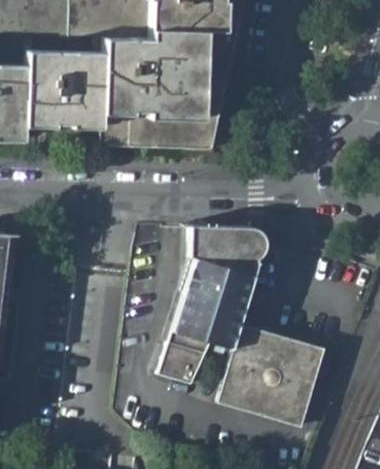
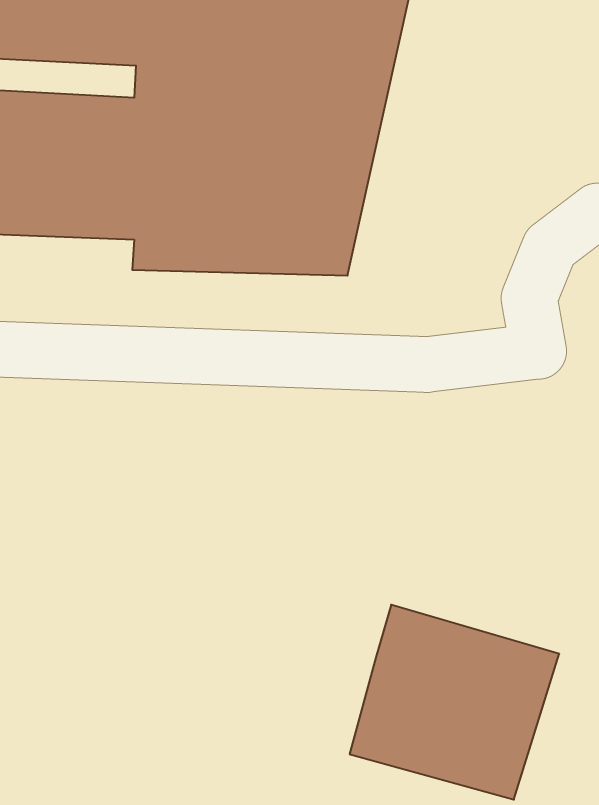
building: [158,224,264,383] -> none

